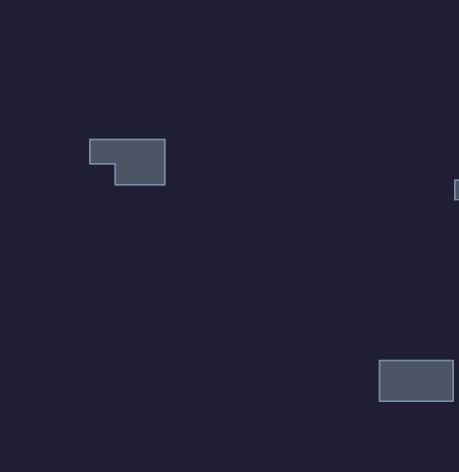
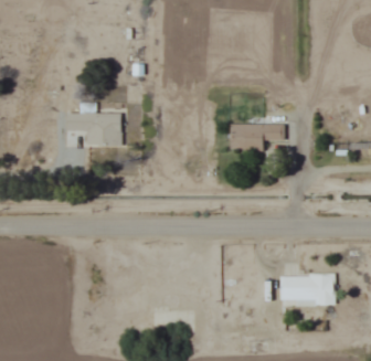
building: none -> [230,124,285,150]

